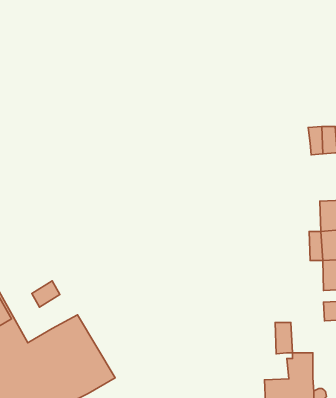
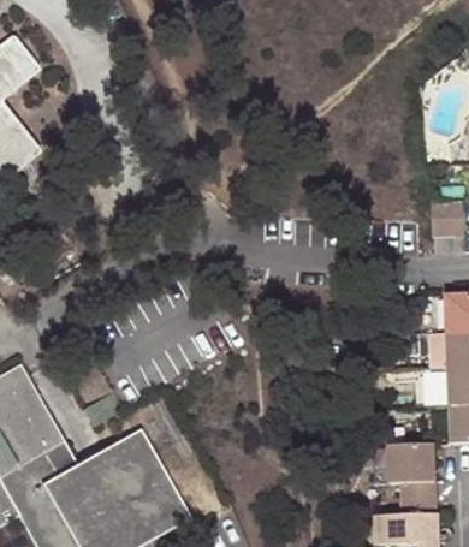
building: none -> [405,441,443,480]

